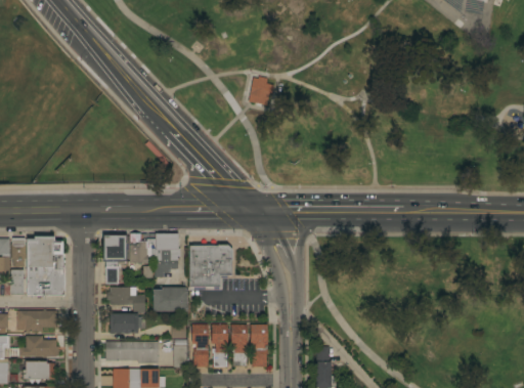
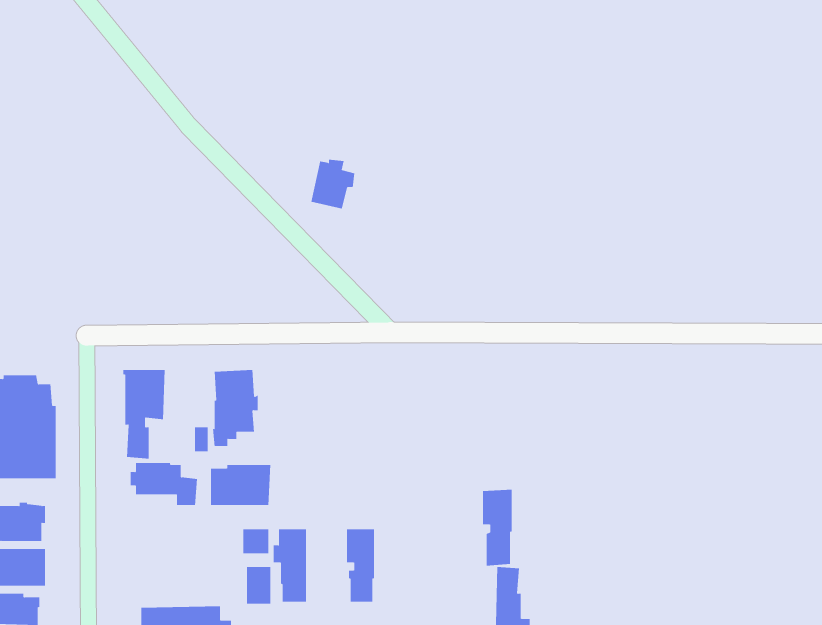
building: [248,77,273,105] -> [310,159,355,209]
building: [129,232,147,263] -> none
building: [189,244,232,290] -> none
building: [110,313,137,333] -> none
building: [250,324,267,368] -> [482,489,513,566]
building: [211,325,227,367] -> none
building: [105,342,158,363] -> none

